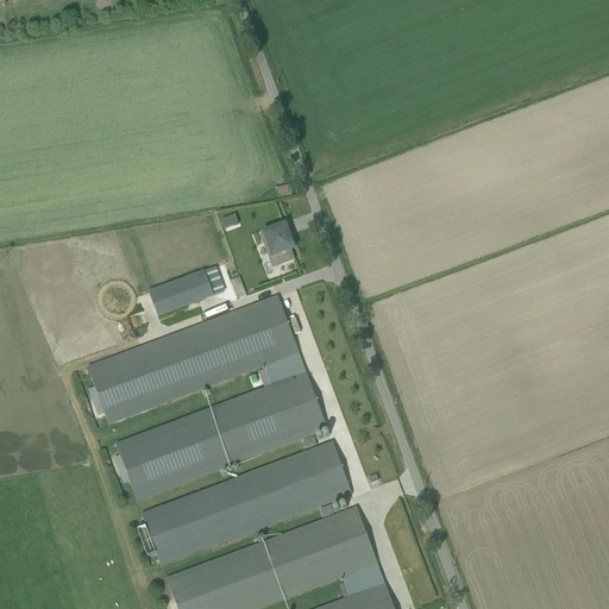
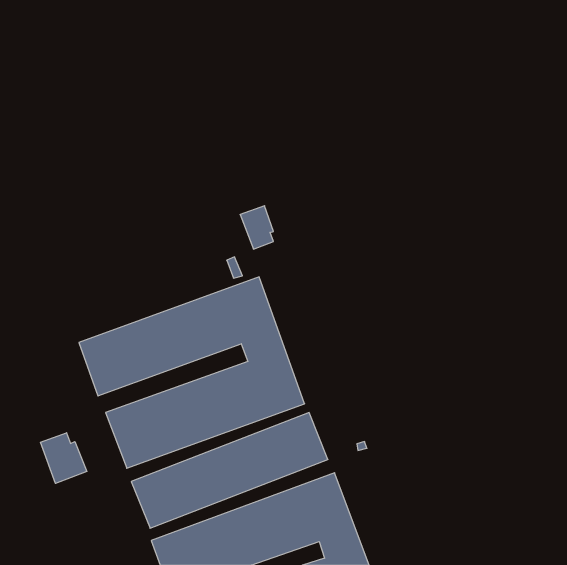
building: [161,268,228,314] -> none
building: none -> [41,433,87,483]

